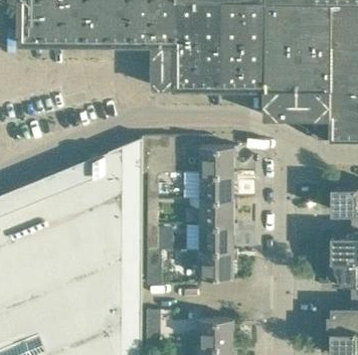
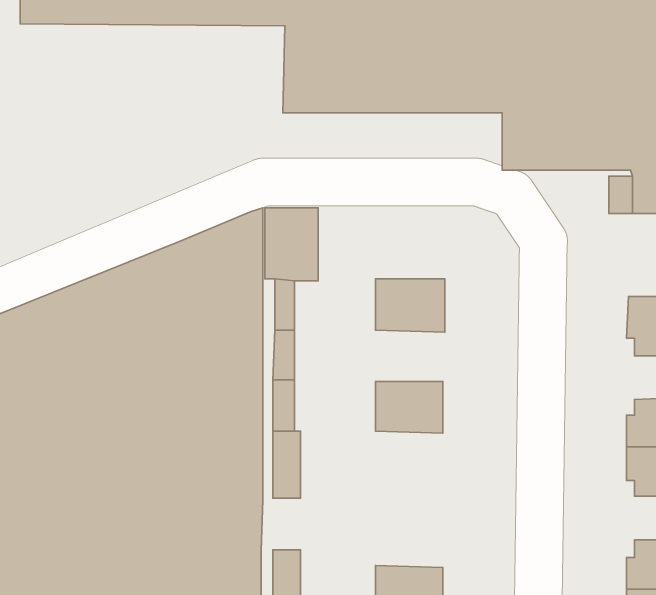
building: [199,147,234,173] -> none
building: [199,199,234,225] -> none
building: [185,250,233,277] -> none

